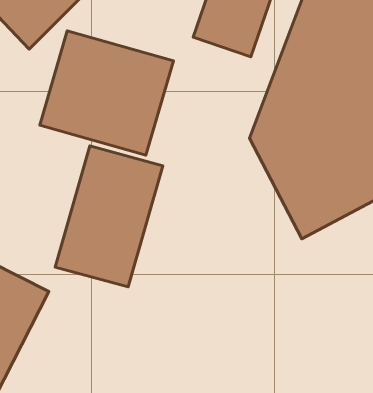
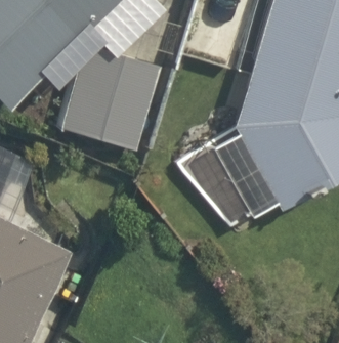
building: [55,146,163,287] -> none

